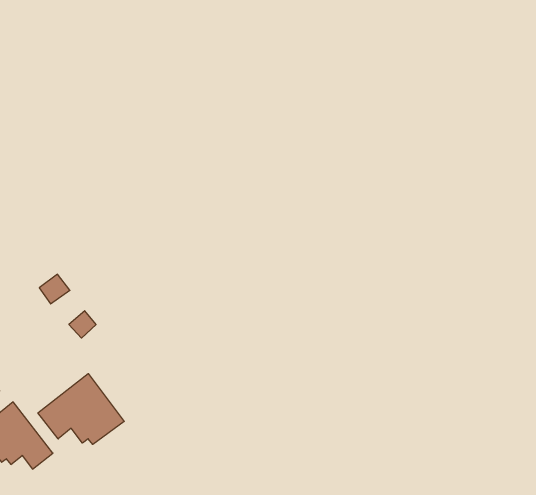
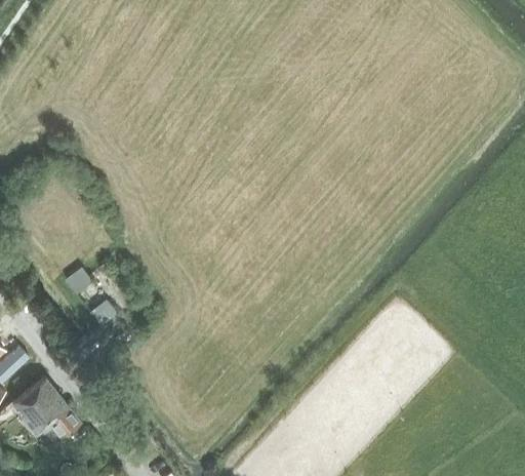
building: [38,374,124,444] -> none

